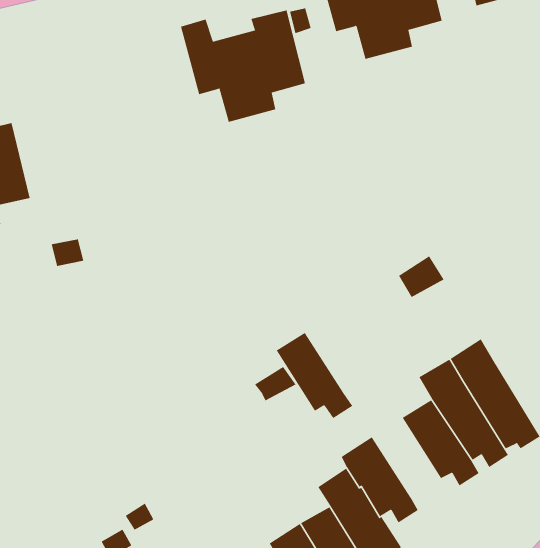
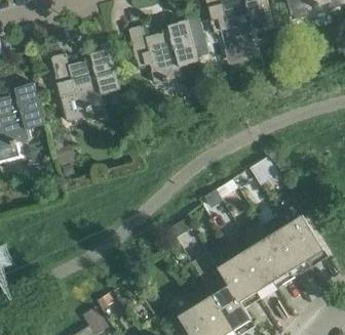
building: none -> [50,48,120,121]
building: [276,332,353,419] -> [234,247,277,295]

